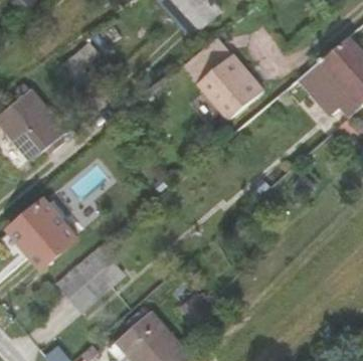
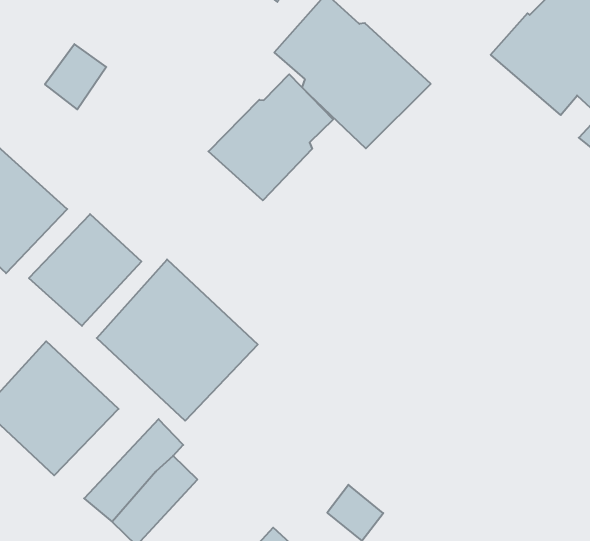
building: none -> [208,74,333,200]
building: none -> [29,214,141,326]
building: none -> [97,259,258,421]

